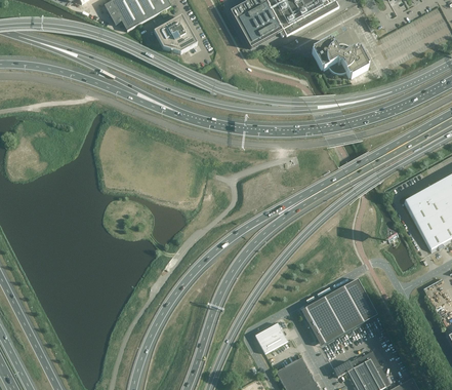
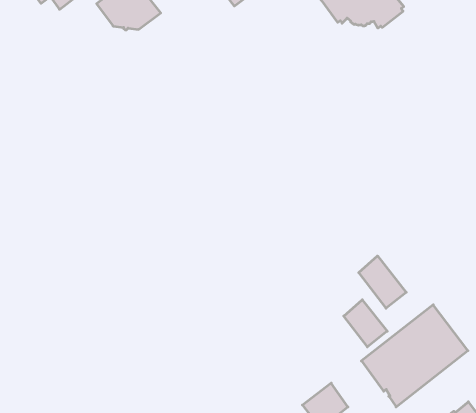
building: none -> [359,256,406,308]
building: none -> [344,300,387,347]

